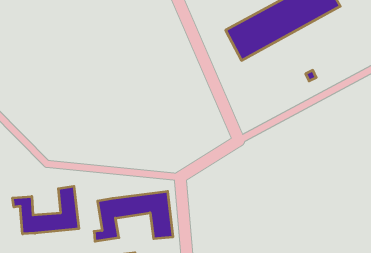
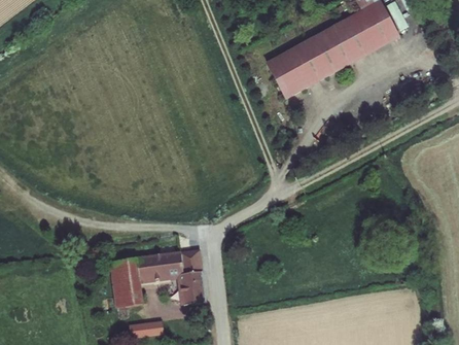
building: [13,186,79,234] -> none

